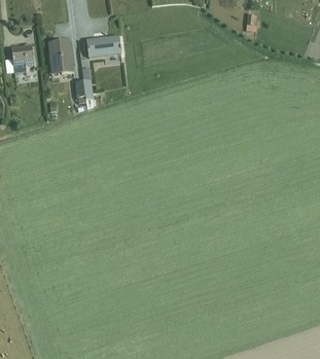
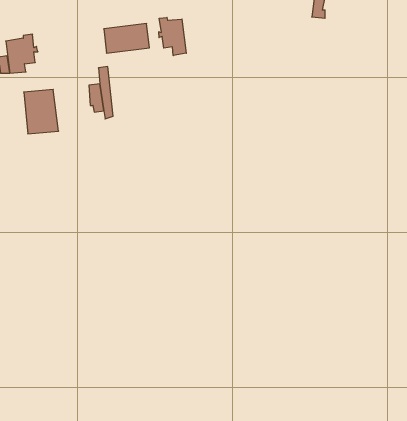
building: none -> [159,17,186,56]
building: [48,39,75,73] -> [24,89,59,134]

